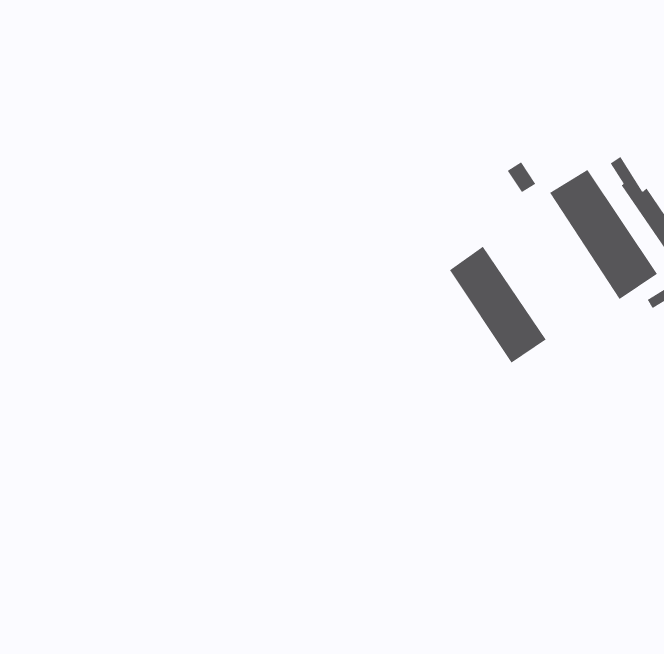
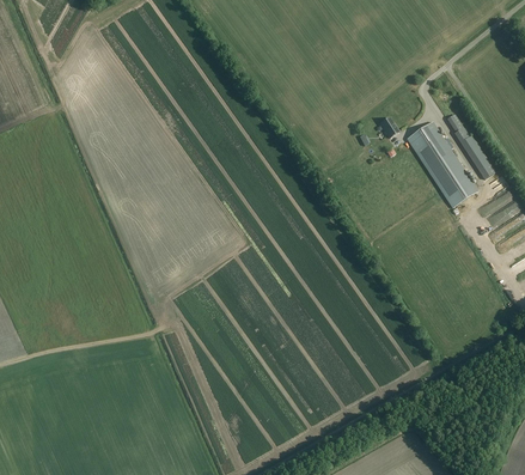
building: [449,246,547,363] -> none

